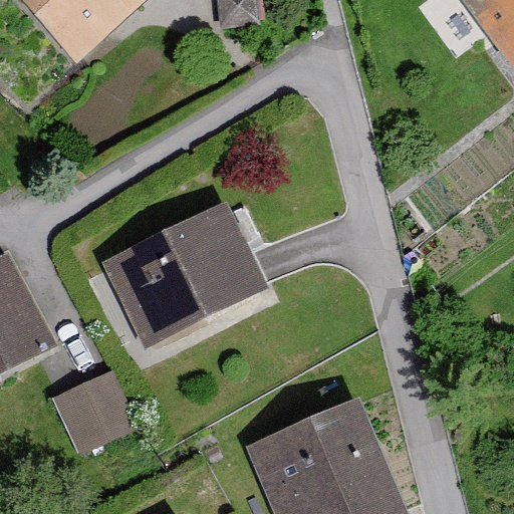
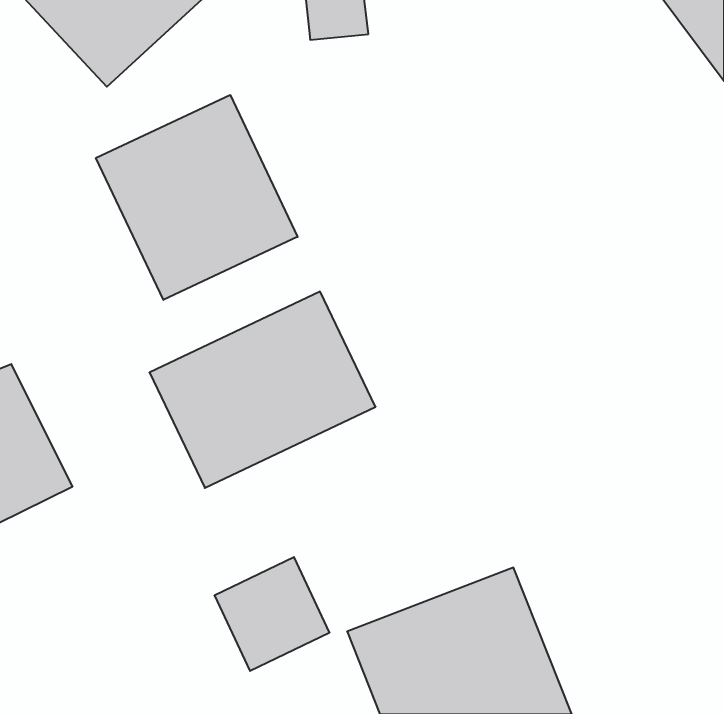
building: none -> [96,95,298,300]
building: [51,373,133,454] -> [214,557,330,671]

